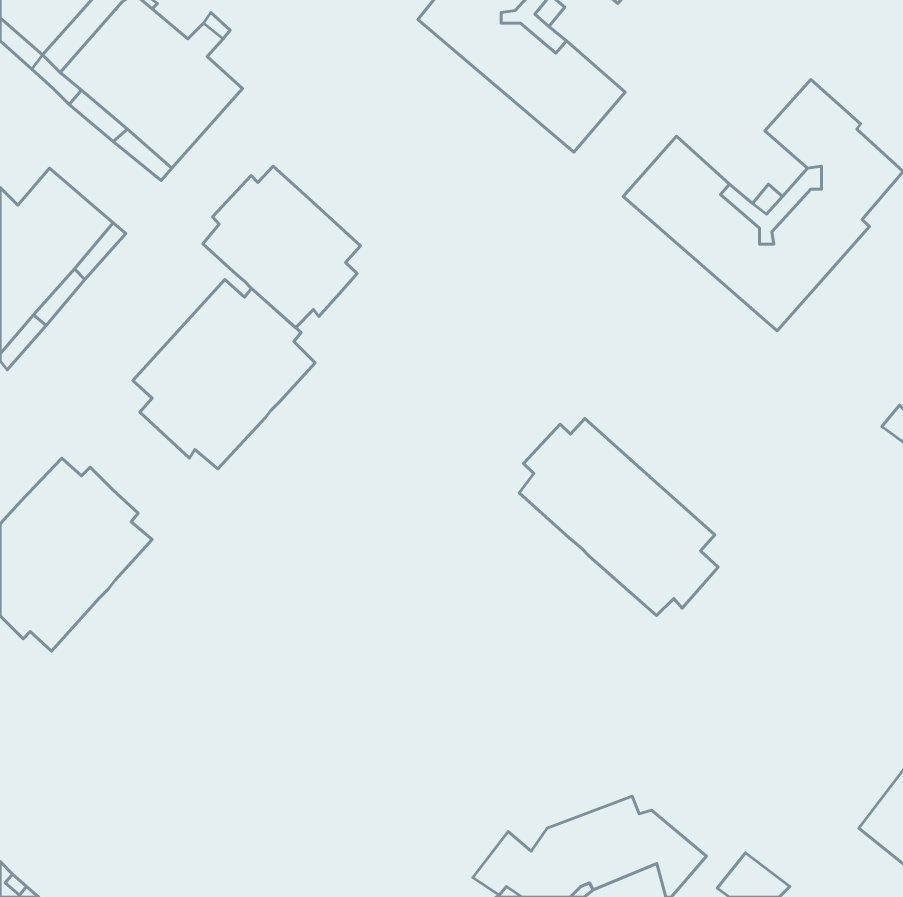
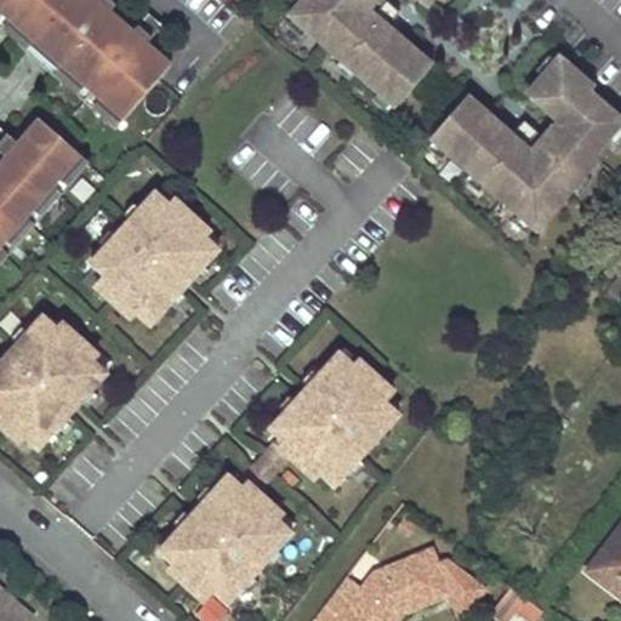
building: [203,166,361,328] -> none
building: [519,418,718,616] -> none
building: none -> [159,348,401,603]

